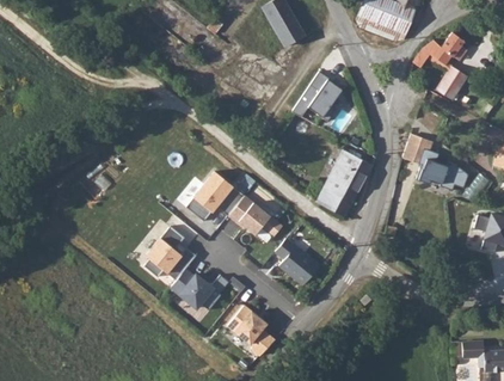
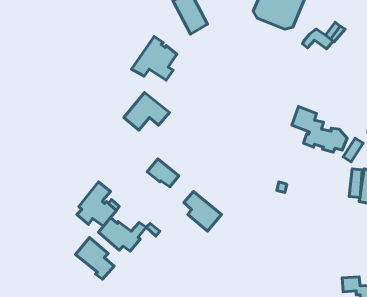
building: [437,67,468,100] -> none
building: [293,73,348,125] -> [131,36,177,80]
building: [319,150,373,217] -> none
building: [188,173,242,219] -> [124,93,169,130]
building: [227,303,273,354] -> [76,238,114,279]

